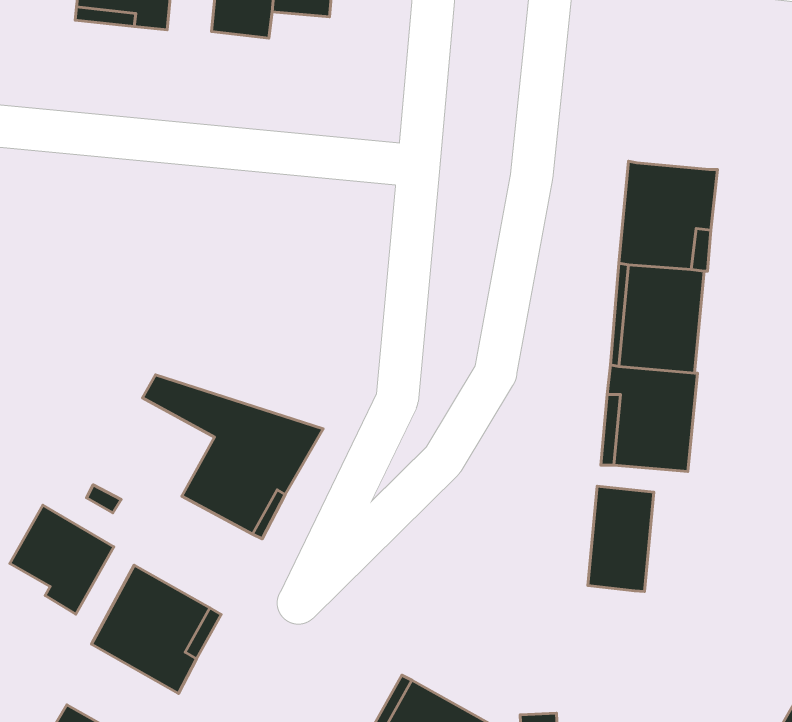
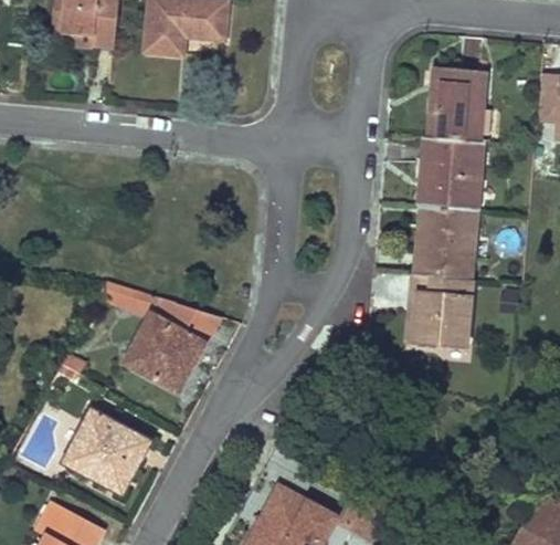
building: none -> [431,70,486,143]
building: [588,486,654,592] -> none
building: [10,505,114,614] -> none

